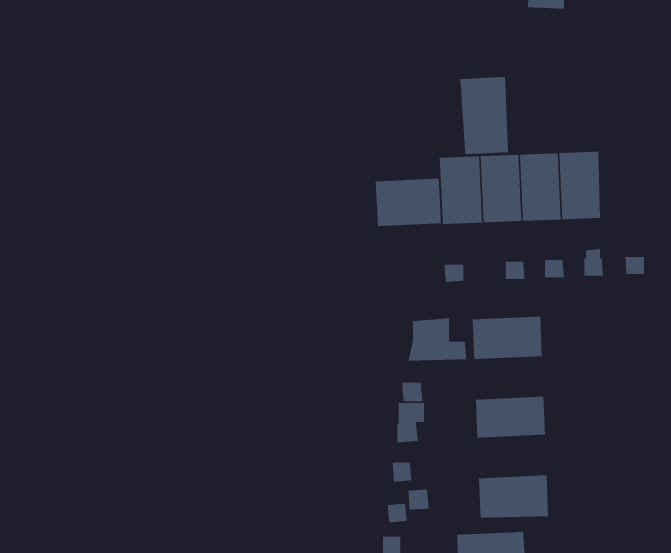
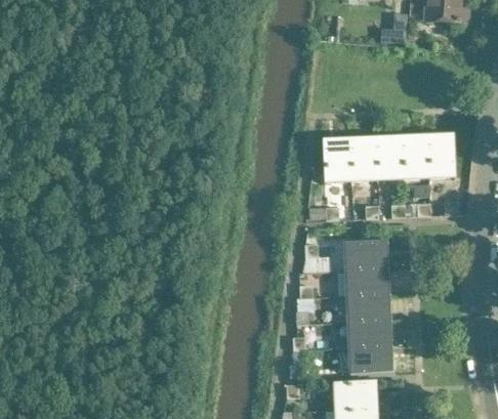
building: [460,76,509,155] -> none
building: none -> [426,132,454,177]
building: [375,178,442,227] -> none
building: none -> [344,267,390,295]
building: none -> [346,319,392,346]

